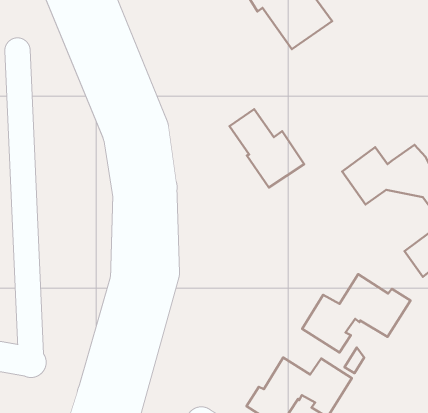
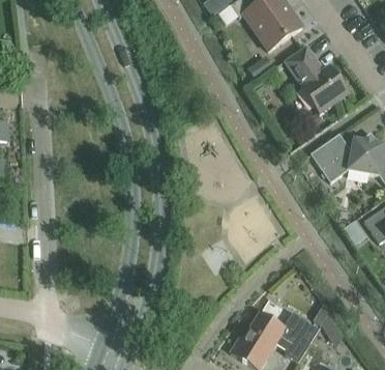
building: [230,109,304,187] -> [286,47,349,113]
building: [302,274,411,353] -> none

